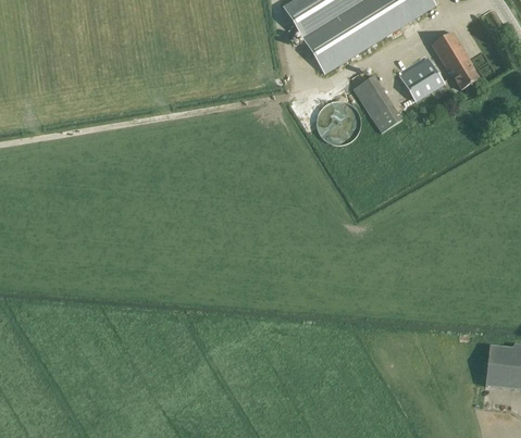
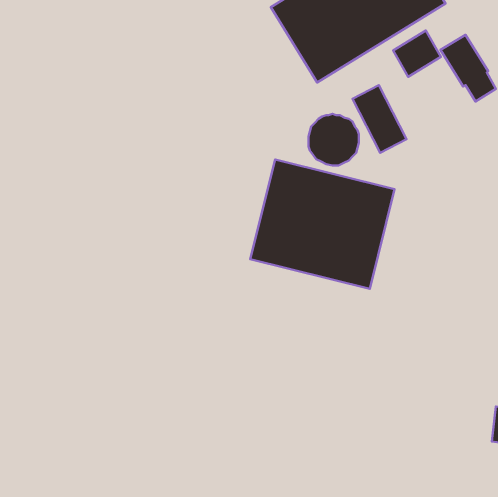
building: [402,61,444,101] -> [393,30,441,77]
building: none -> [250,159,395,289]

